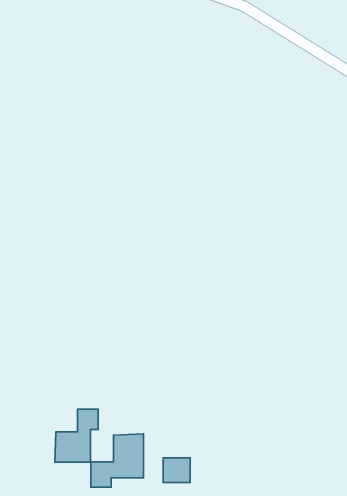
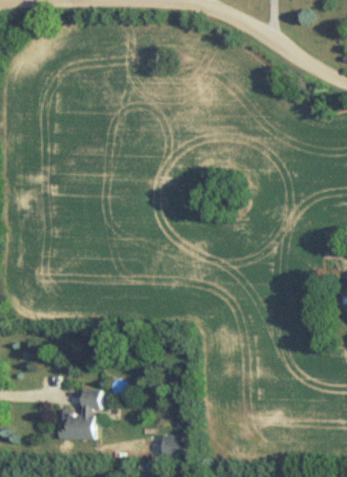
building: [91,434,144,487] -> none

